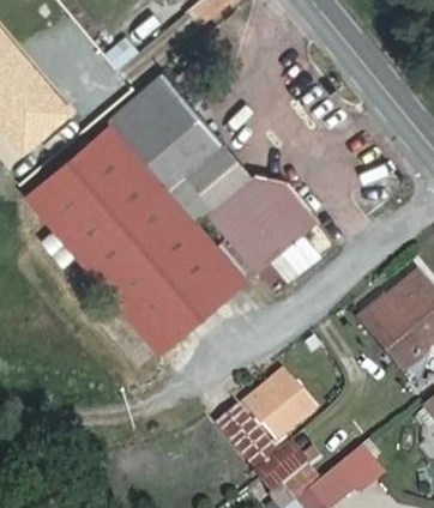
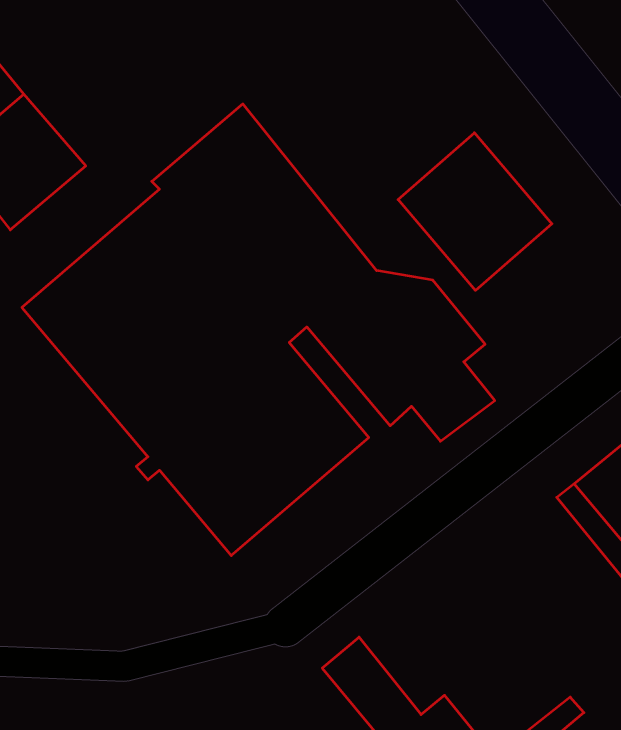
building: none -> [398,133,552,290]
building: [243,373,313,437] -> none

